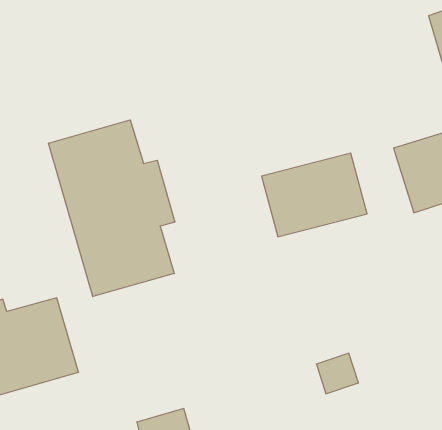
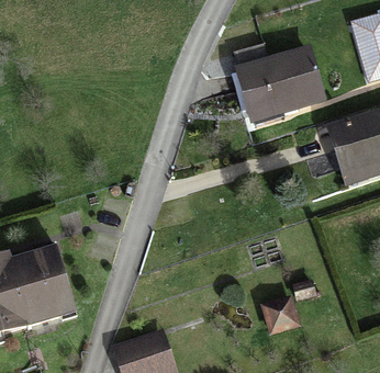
building: [49,120,175,297] -> none
building: [262,153,367,237] -> [237,49,323,117]

